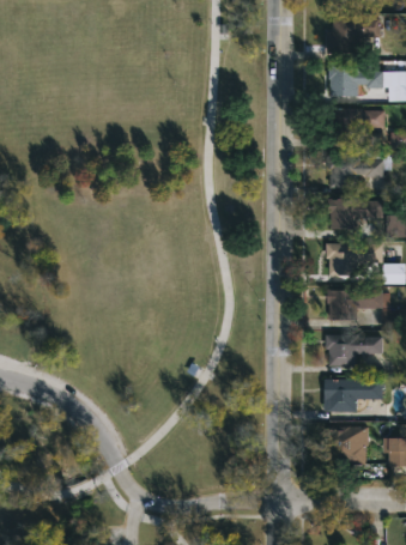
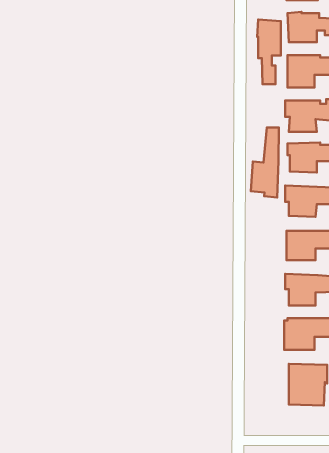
building: none -> [257,20,281,84]
building: none -> [251,127,279,197]

